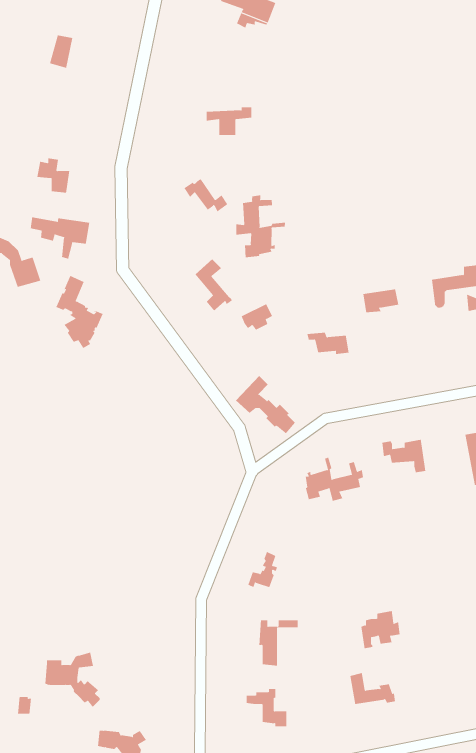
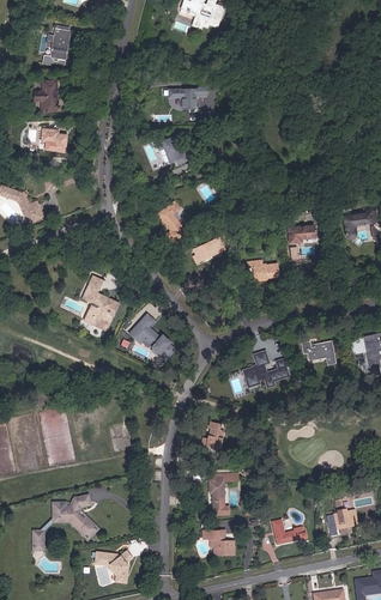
building: none -> [34,81,56,115]
building: [236,194,285,258] -> none
building: [30,216,90,259] -> none
building: [56,275,104,349] -> [84,272,120,327]
building: [235,375,296,434] -> [131,311,176,356]
building: [361,610,400,649] -> [333,503,363,532]

